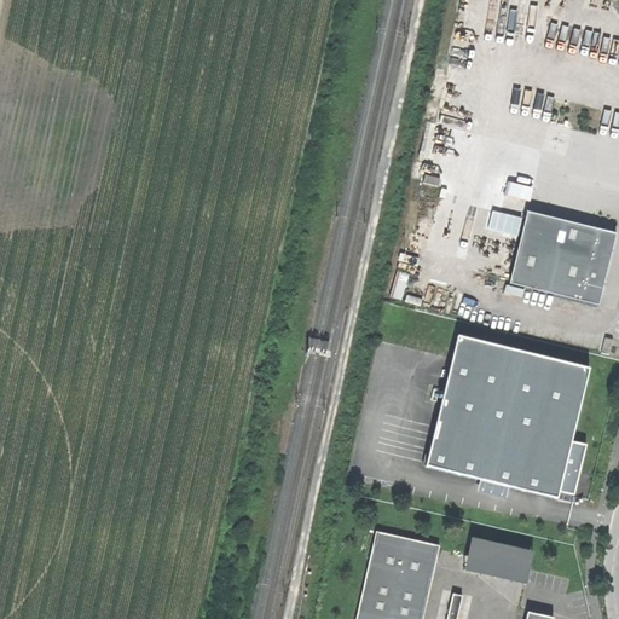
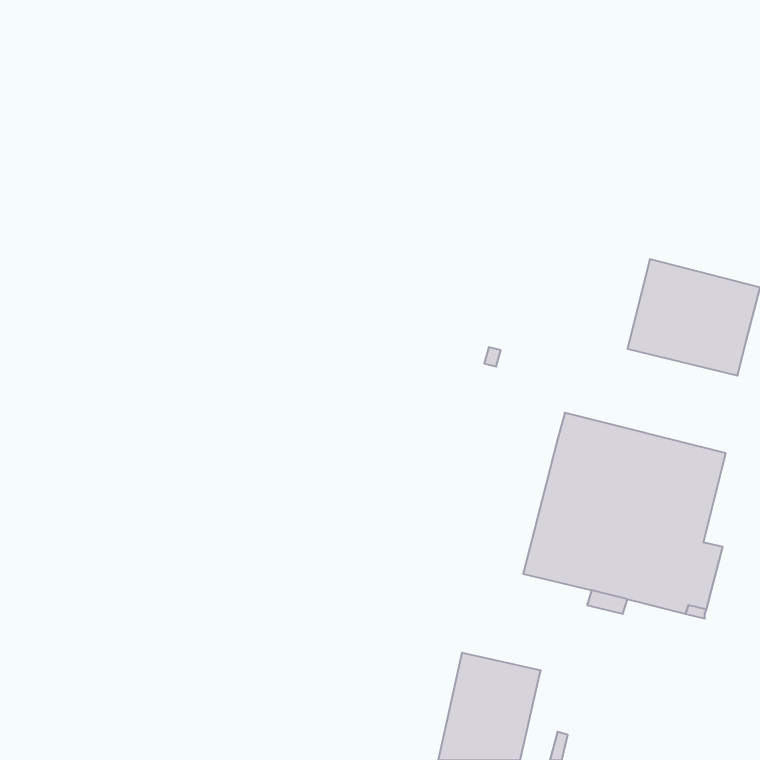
building: [464,538,533,584] -> none

